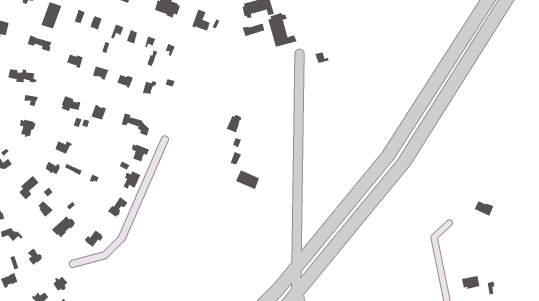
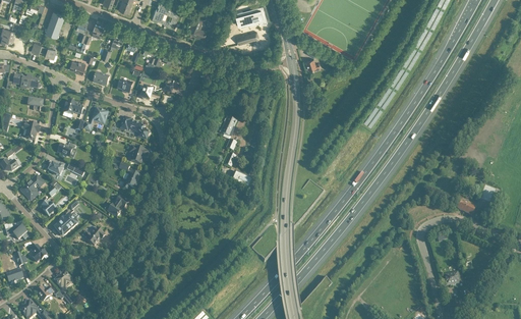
building: [267,12,297,48] -> none

